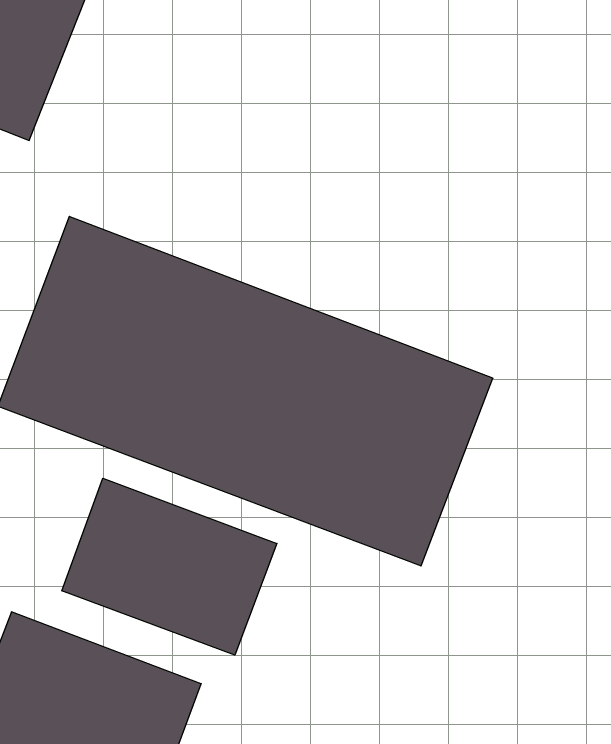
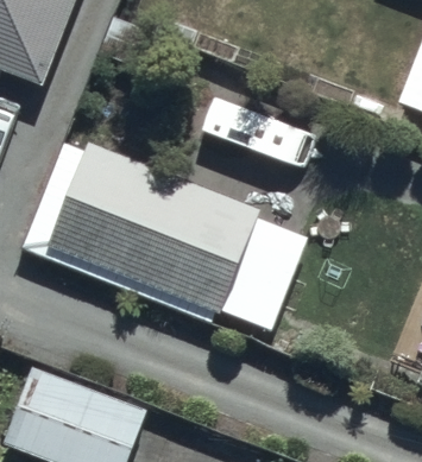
building: [62,478,277,655] -> none

